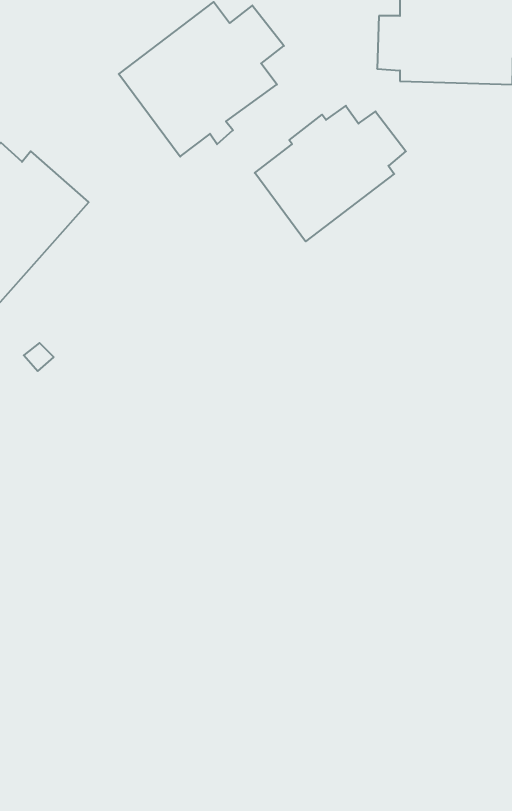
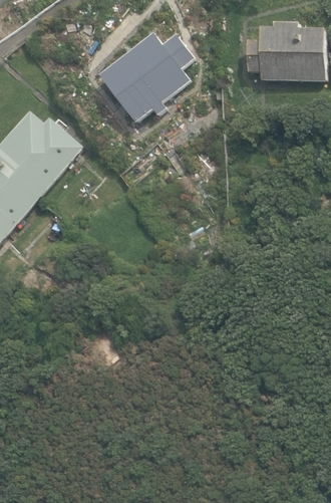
building: [255,106,406,241] -> none

